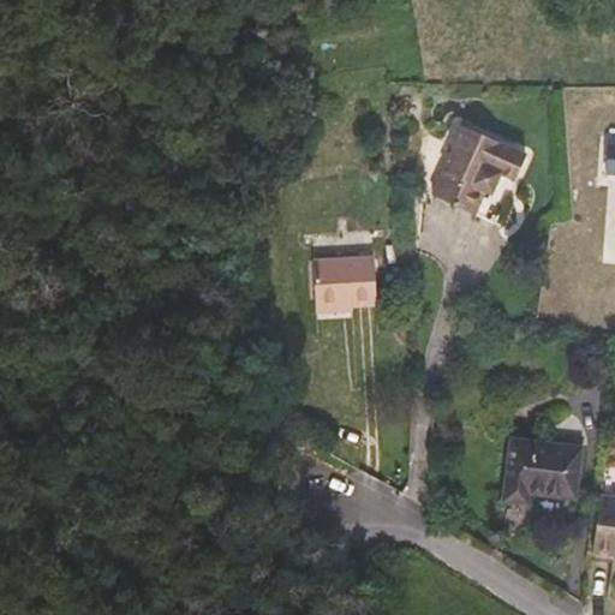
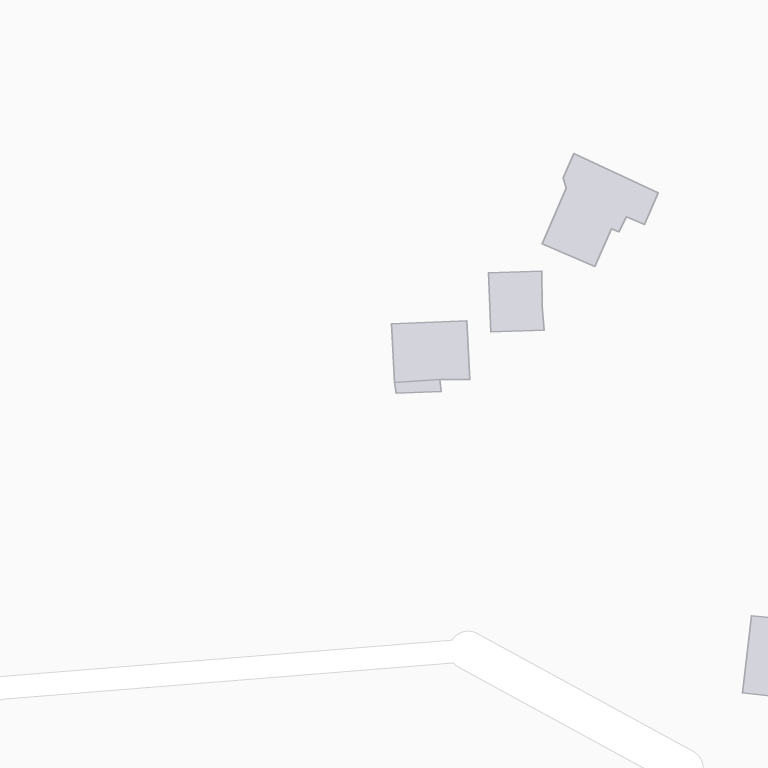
building: none -> [488,271,544,332]
building: [507,440,580,500] -> none

